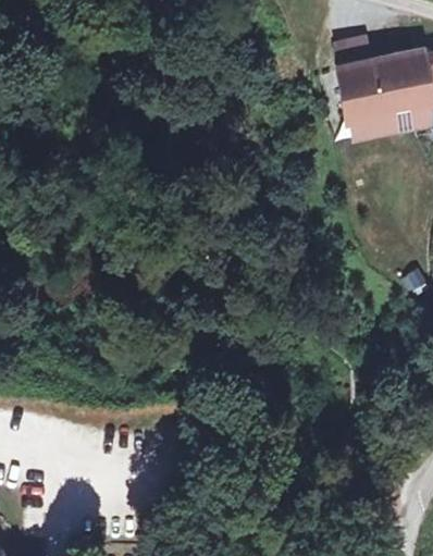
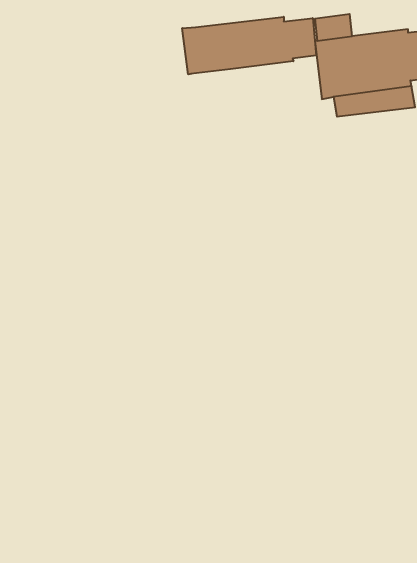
building: none -> [182,17,316,74]

